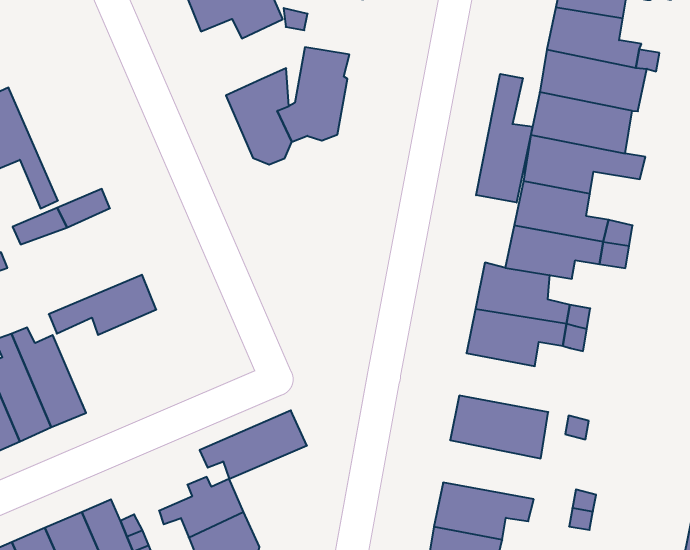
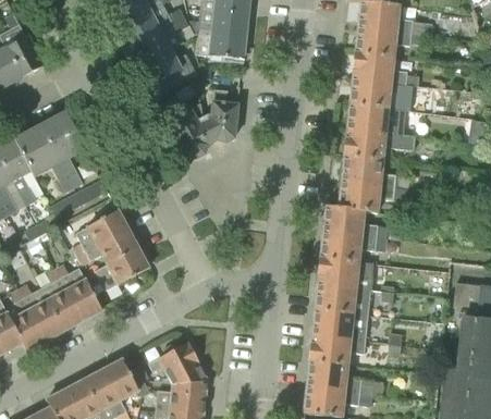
building: none -> [42,112,86,188]
building: [476,74,533,203] -> none
building: none -> [72,209,128,255]
building: none -> [318,258,372,288]
building: [200,410,307,479] -> [87,247,149,289]
building: none -> [312,309,368,340]

